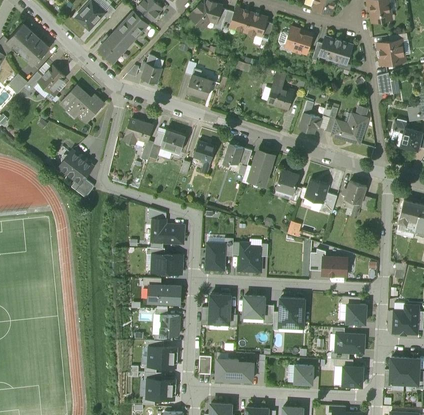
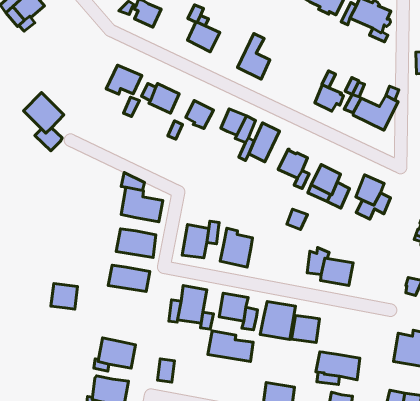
building: [267,72,293,109] -> [237,33,270,79]
building: [60,85,104,122] -> none
building: [347,304,368,324] -> [291,316,319,343]
building: [161,316,181,335] -> [51,283,78,309]
building: [217,359,253,380] -> [208,331,253,361]

